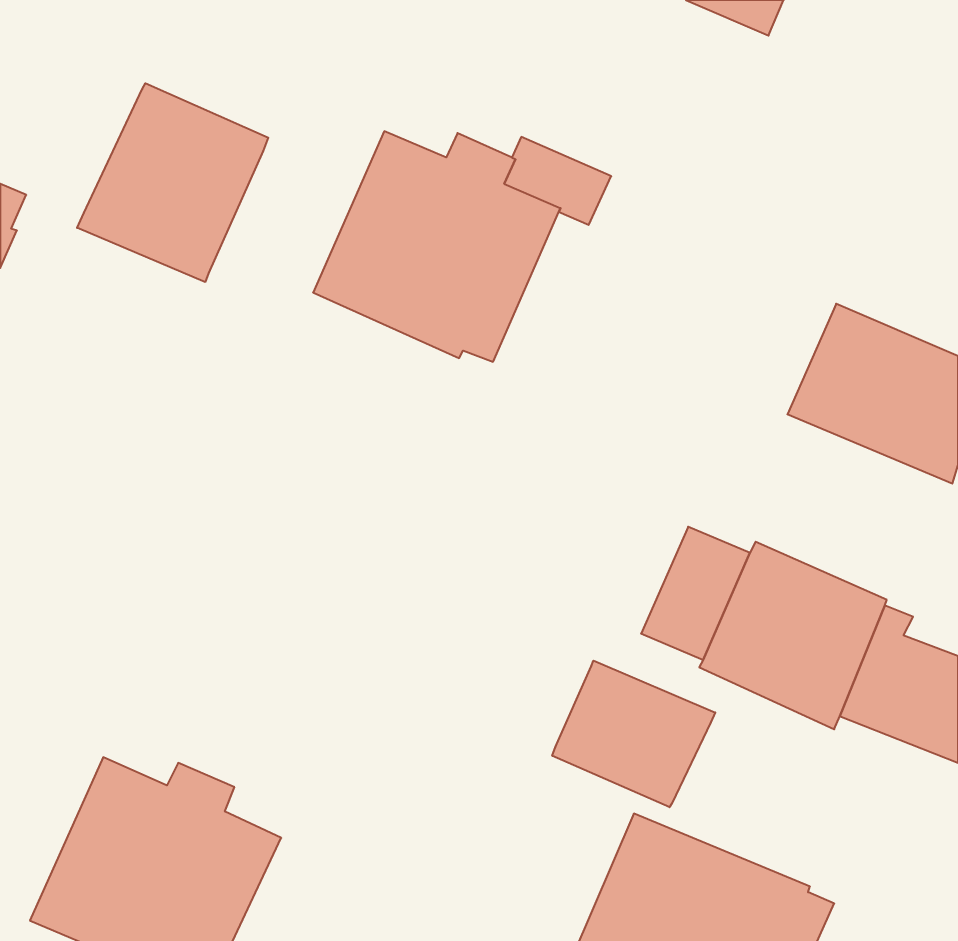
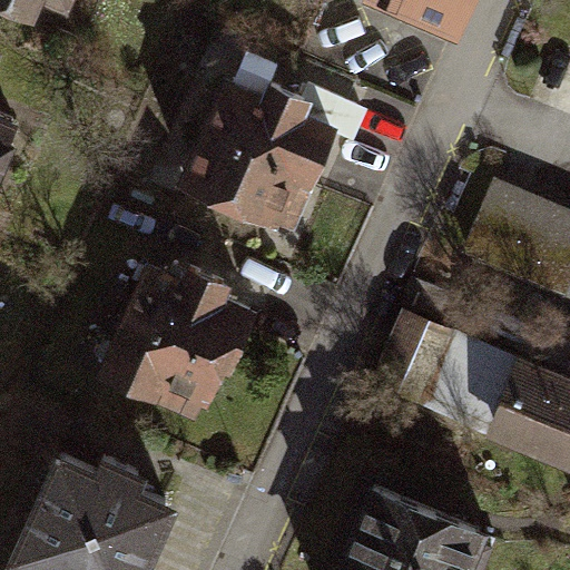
building: [77,83,268,282] -> none
building: none -> [106,272,252,415]
building: [552,661,715,807] -> none

